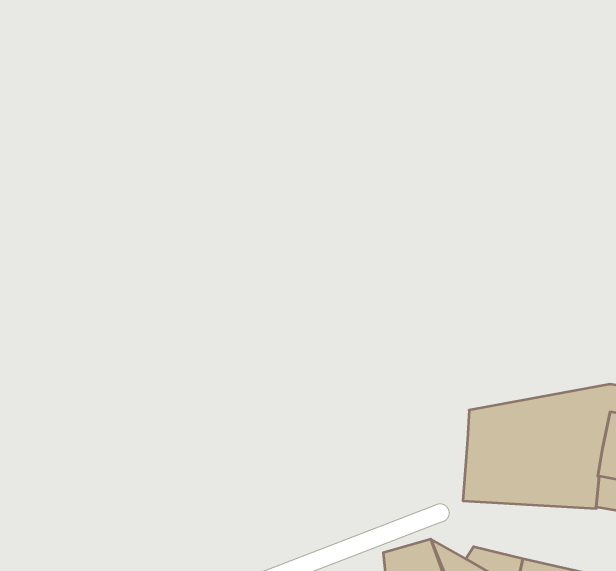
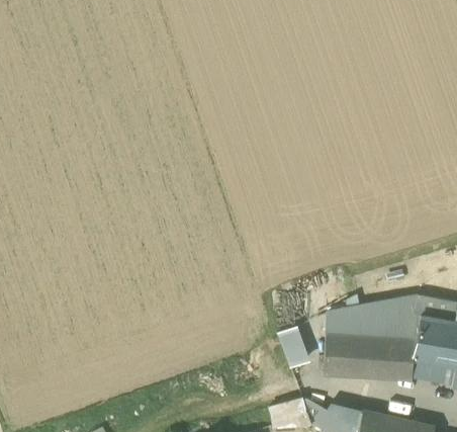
building: none -> [278,326,310,366]

